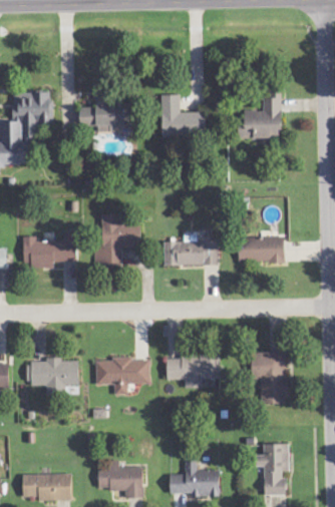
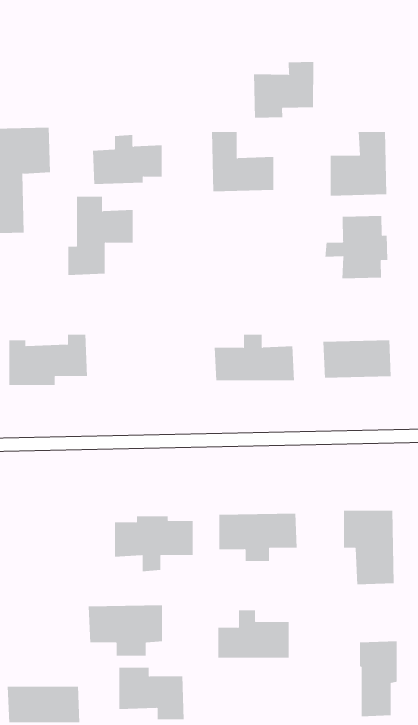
building: none -> [253,61,314,119]
building: none -> [325,215,388,279]
building: [95,214,140,269] -> [67,196,134,275]
building: [27,360,78,395] -> [88,605,163,656]
building: [171,461,220,494] -> [218,610,289,658]

